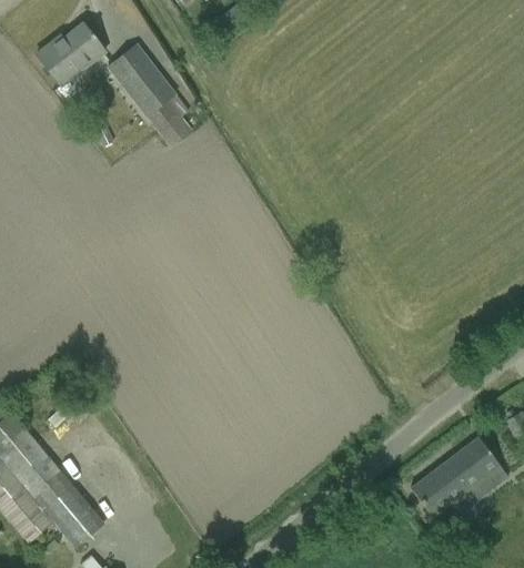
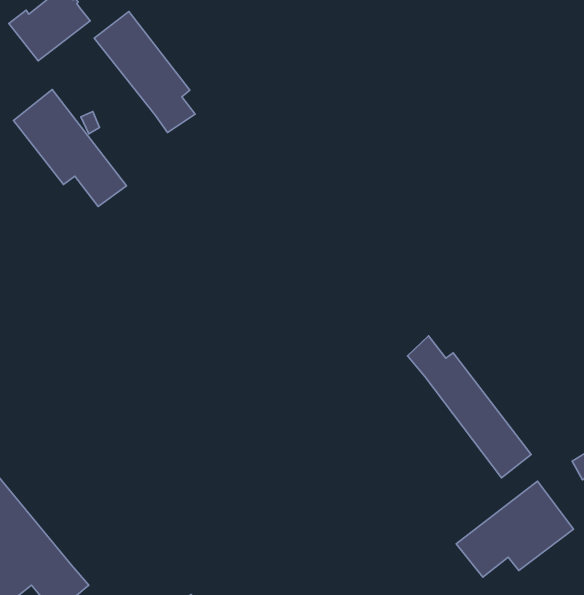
building: none -> [13,90,127,207]
building: none -> [408,336,531,478]

